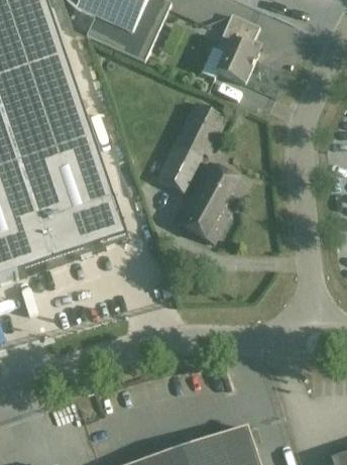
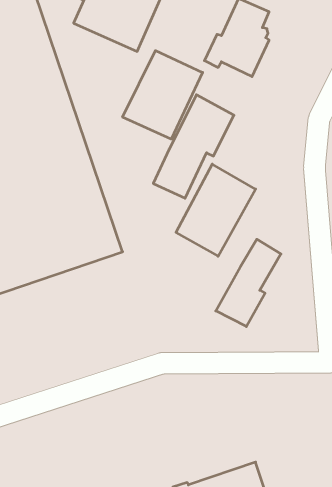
building: none -> [123,51,203,139]
building: none -> [216,239,281,327]

